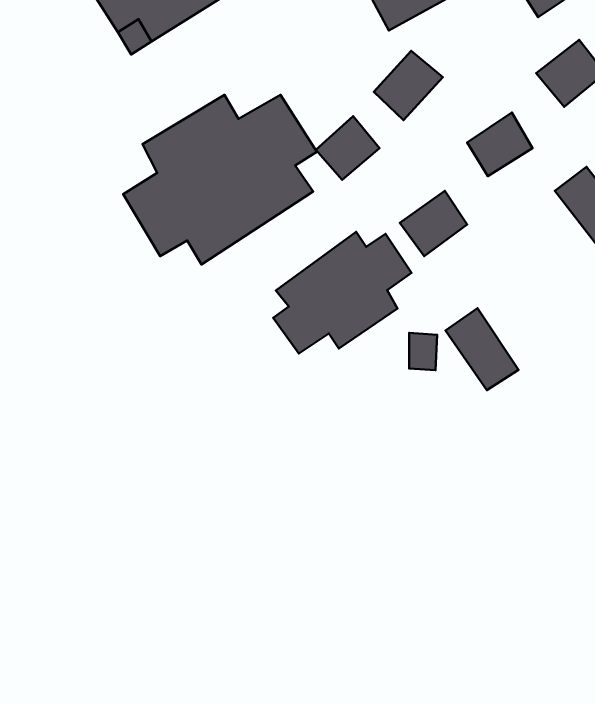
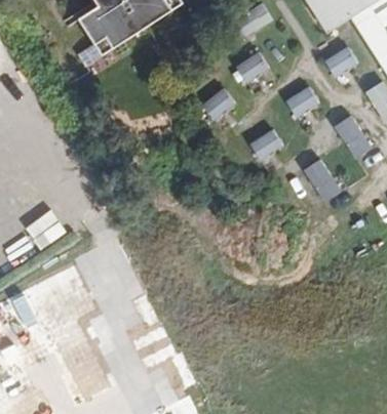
building: [123,95,317,264] -> none
building: [273,232,412,353] -> none
building: [446,308,518,390] -> [304,159,344,204]

